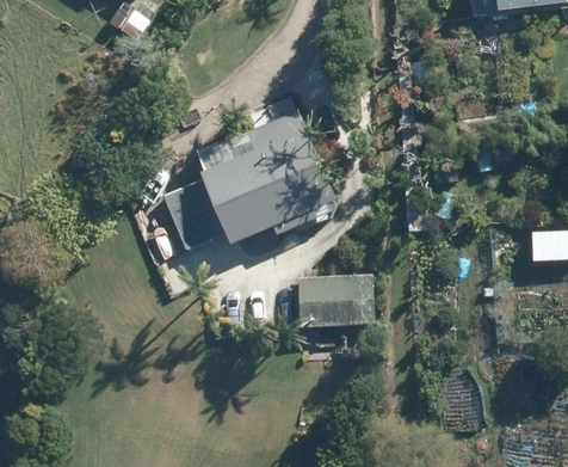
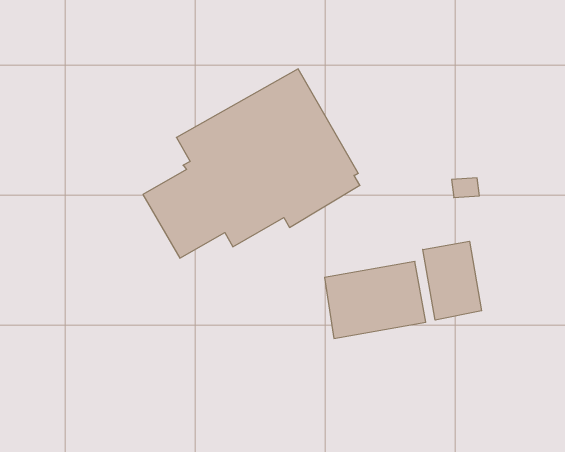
building: none -> [423,241,482,320]

